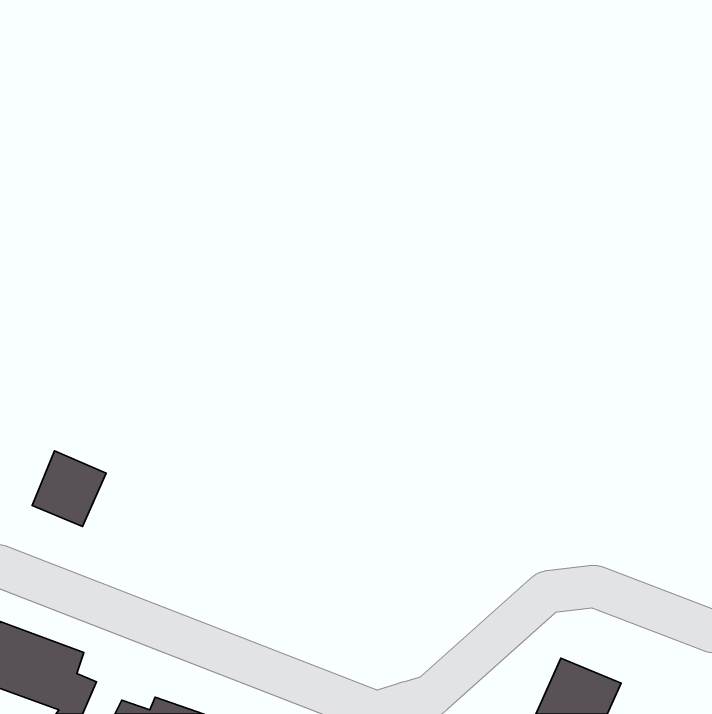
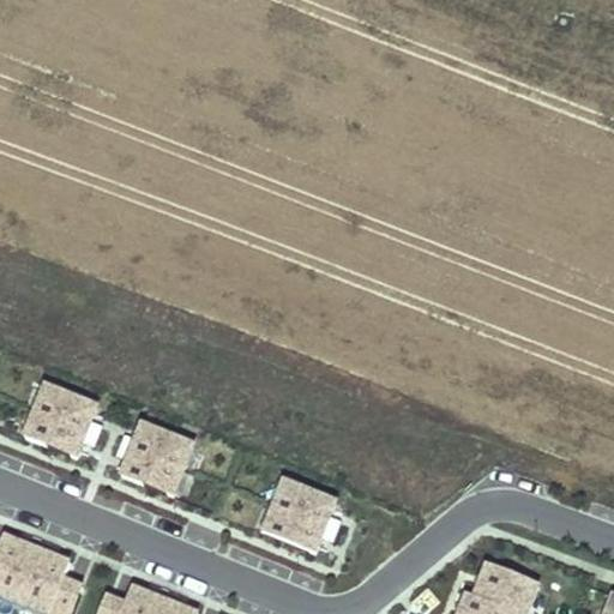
building: none -> [128,426,192,490]
building: none -> [267,481,331,546]

